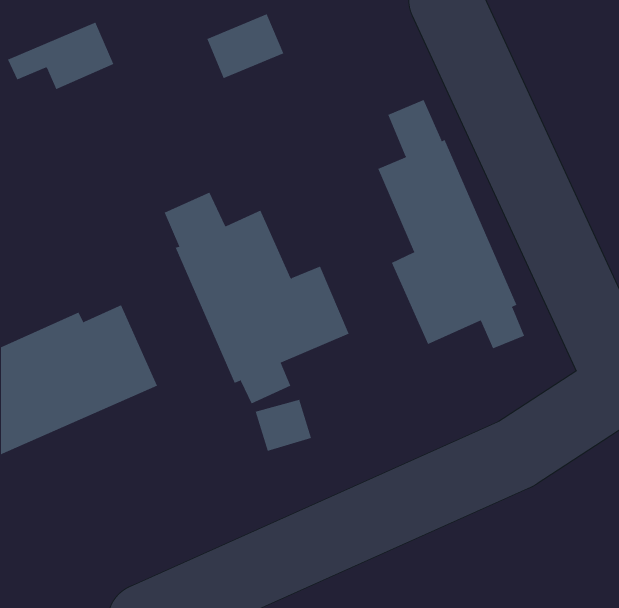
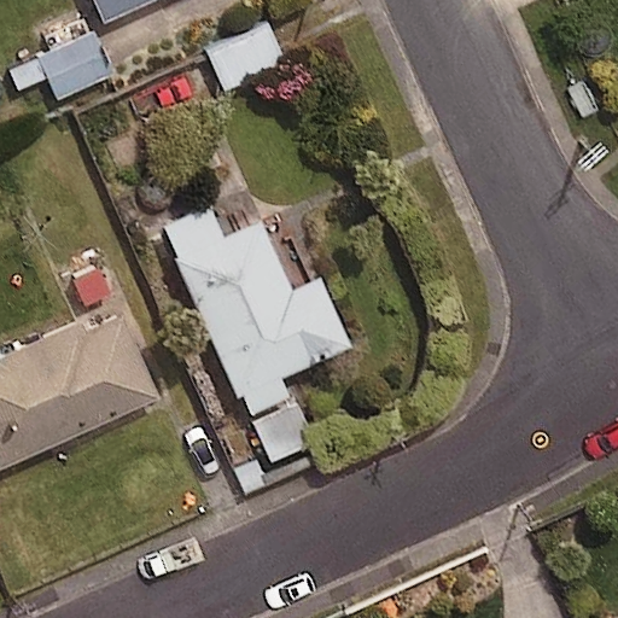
building: [377,99,525,349] -> none

